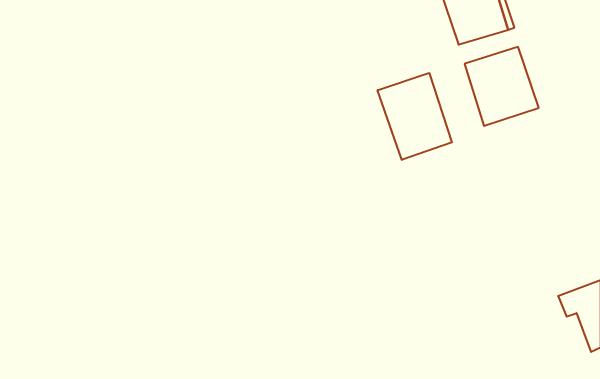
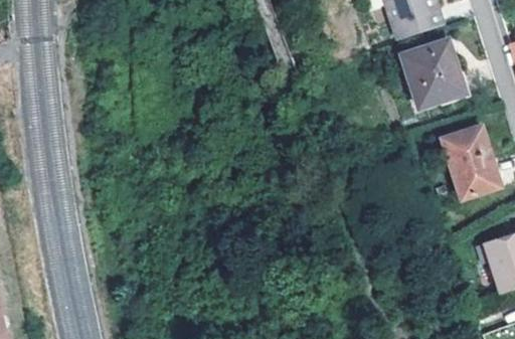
building: [378,73,452,160] -> none
building: none -> [441,126,497,196]

